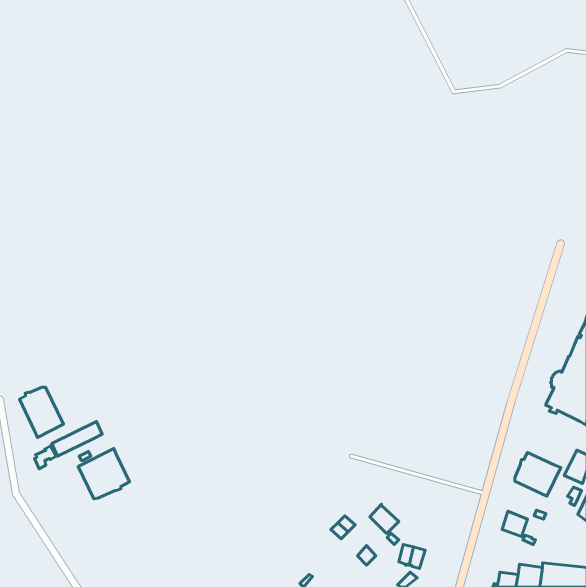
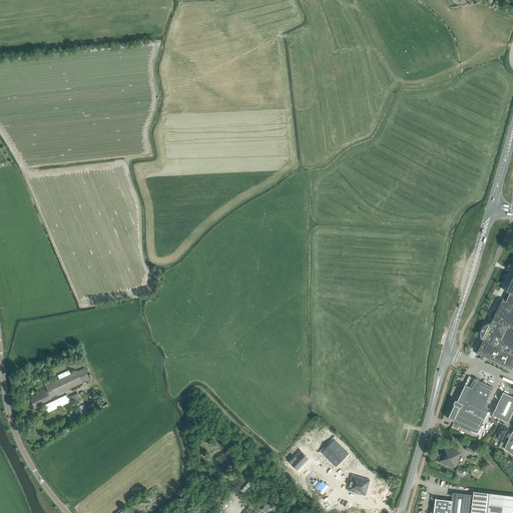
building: [19,387,63,437] -> none
building: none -> [461,376,494,406]
building: [78,448,130,499] -> none

